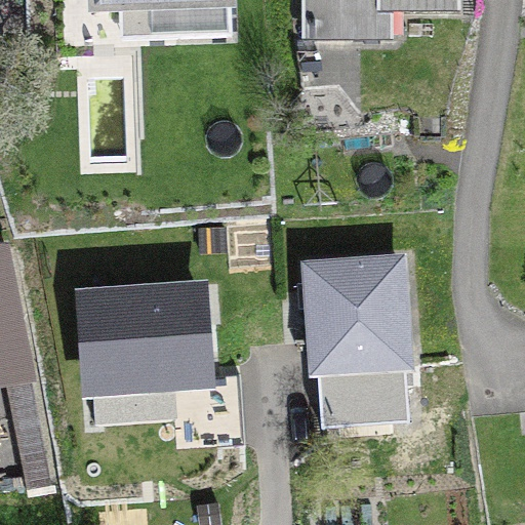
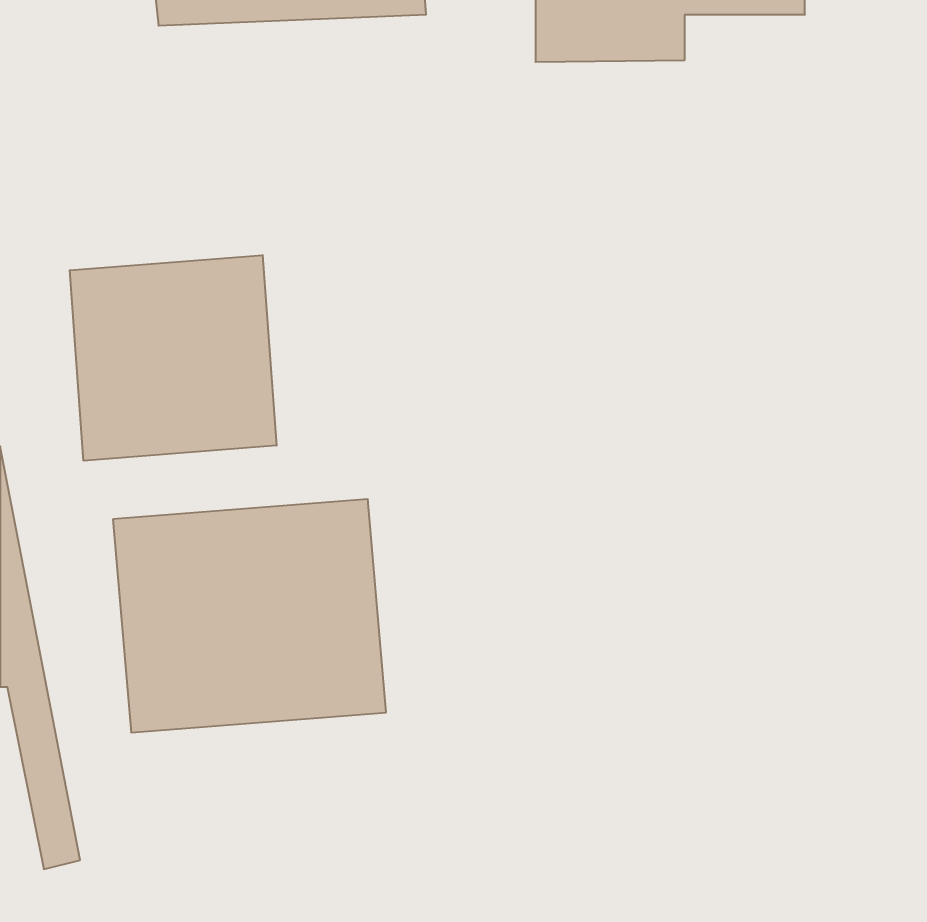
building: none -> [70,255,276,461]
building: [320,269,408,399] -> none

